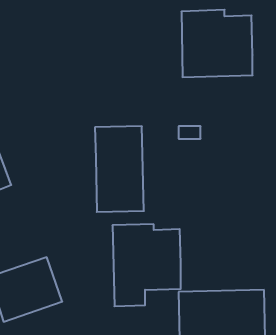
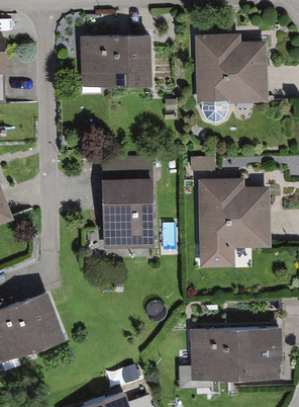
building: none -> [79,35,151,84]
building: [112,224,181,306] -> [198,181,270,267]

